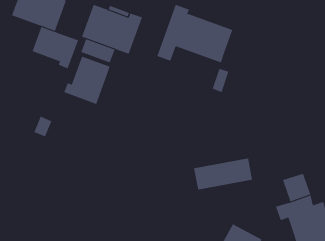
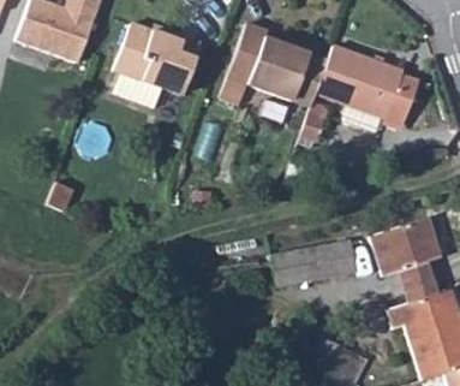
building: none -> [317,44,419,123]
building: [32,26,79,69] -> none
building: [64,56,110,105] -> none
building: none -> [371,216,441,275]

